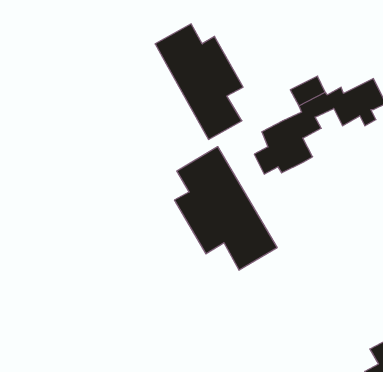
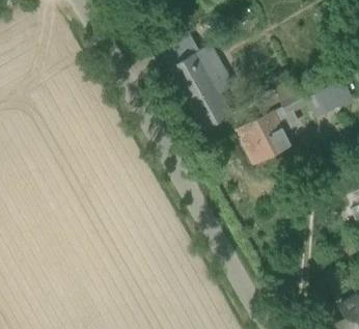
building: [175,147,277,270] -> none

